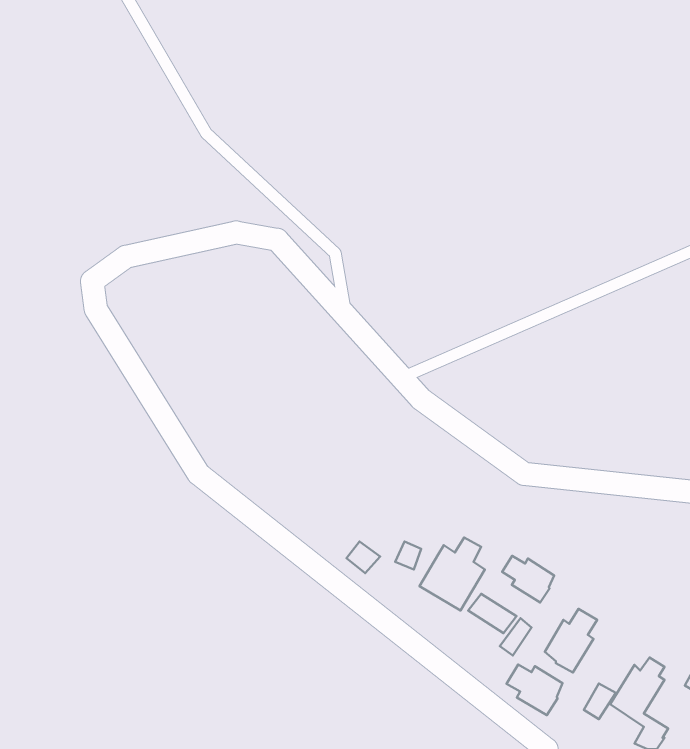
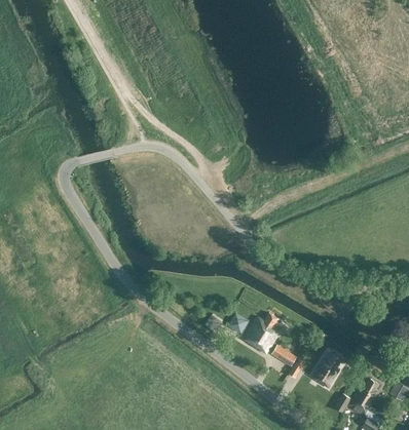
building: [502,556,554,602] -> none
building: [507,665,563,715] -> none

